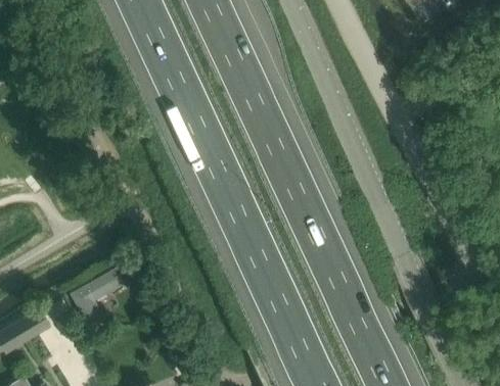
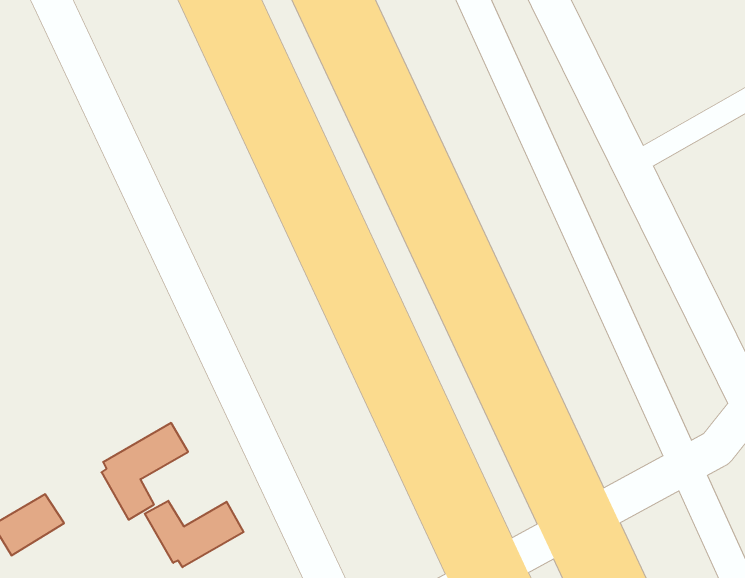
building: none -> [145,501,244,567]

